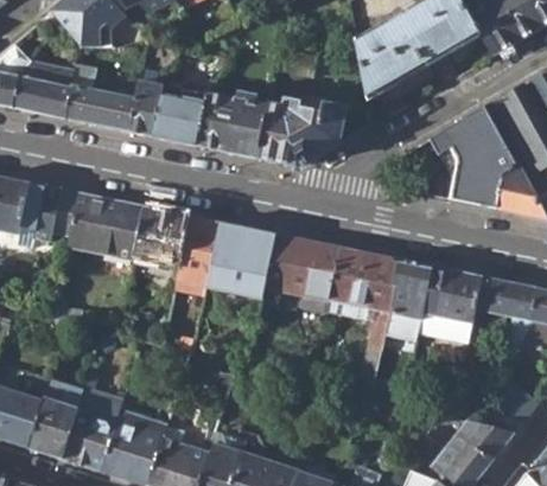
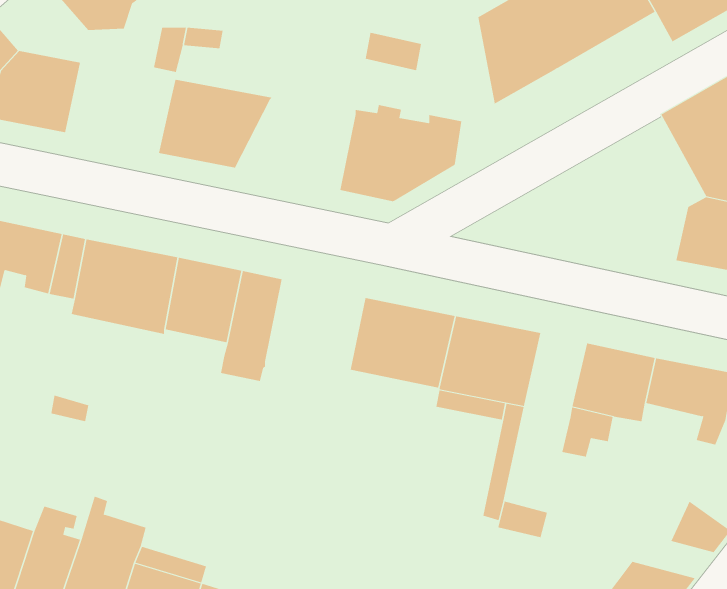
building: [65,65,139,133] -> none
building: [185,92,269,159] -> none
building: [432,105,517,209] -> none
building: [205,222,276,302] -> none
building: [389,260,433,319] -> none

